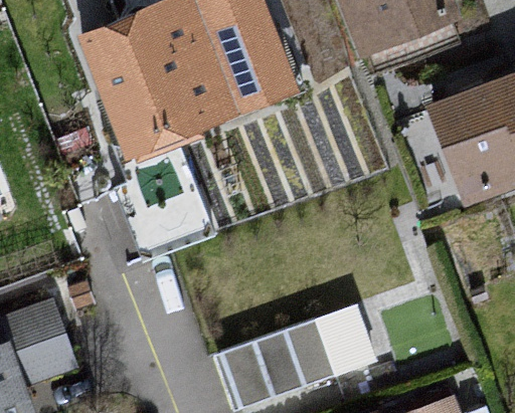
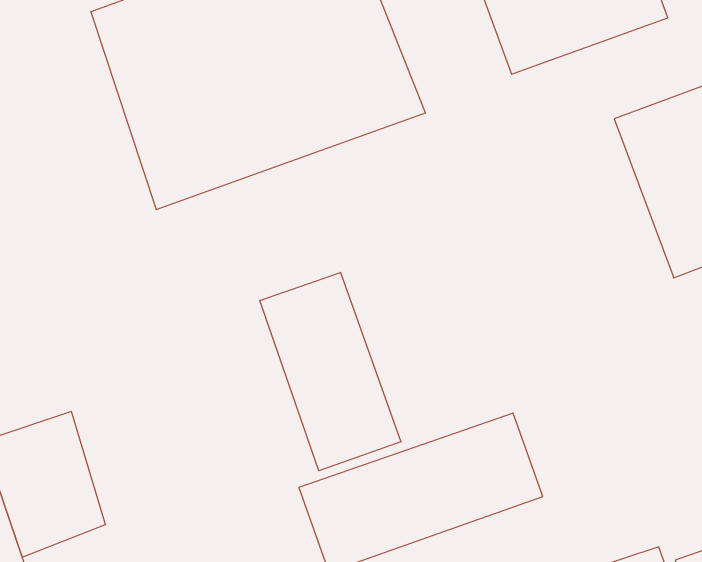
building: none -> [260,272,401,471]

